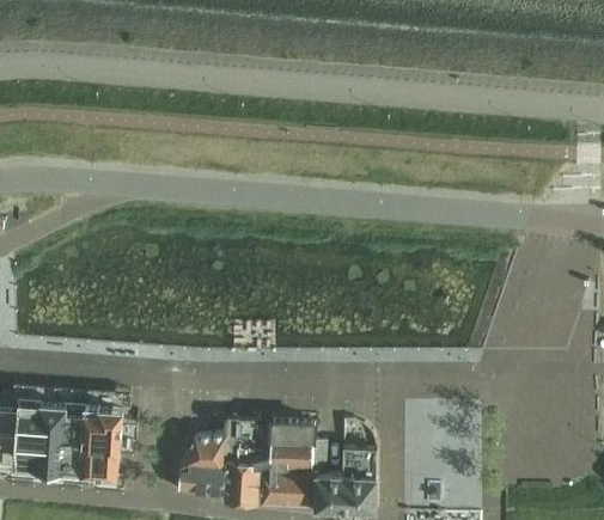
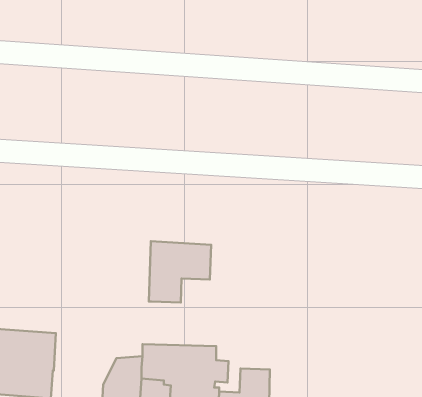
building: none -> [149,241,211,303]

